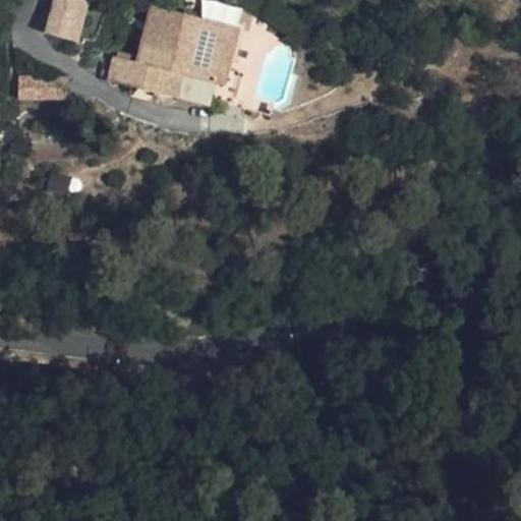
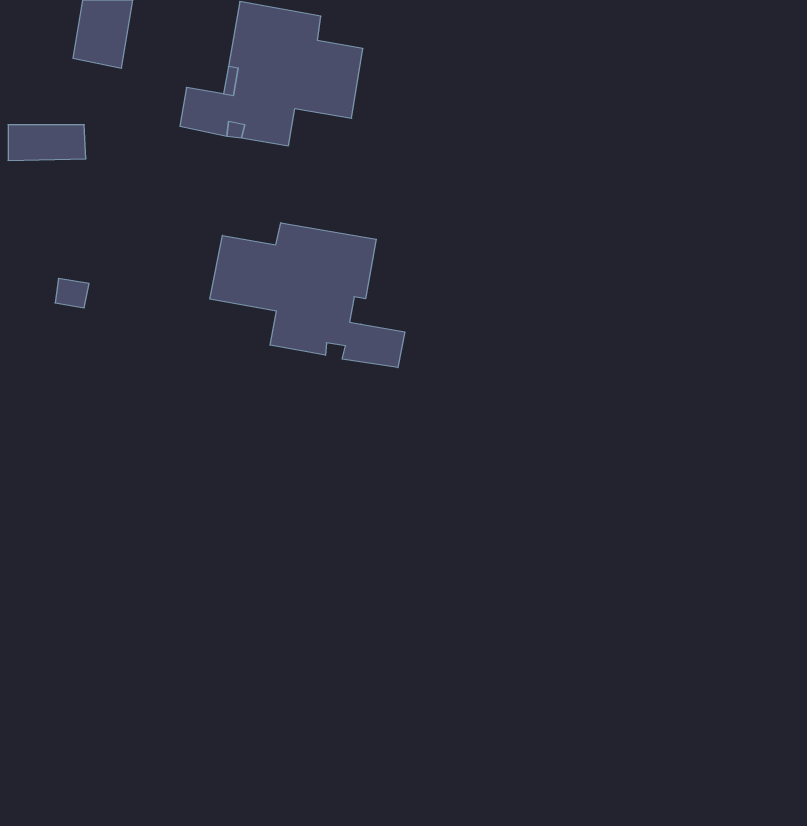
building: [181,11,243,99] -> none
building: none -> [210,223,405,368]

